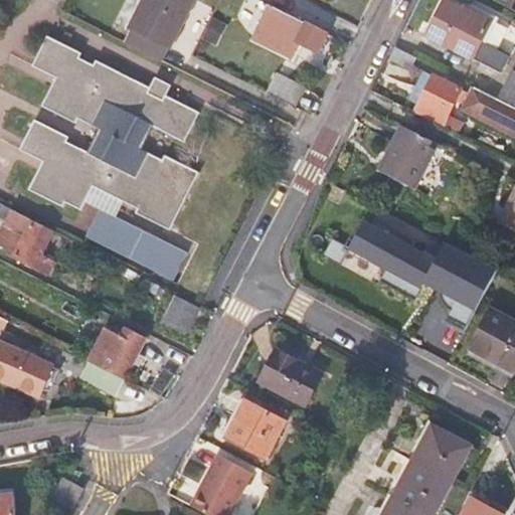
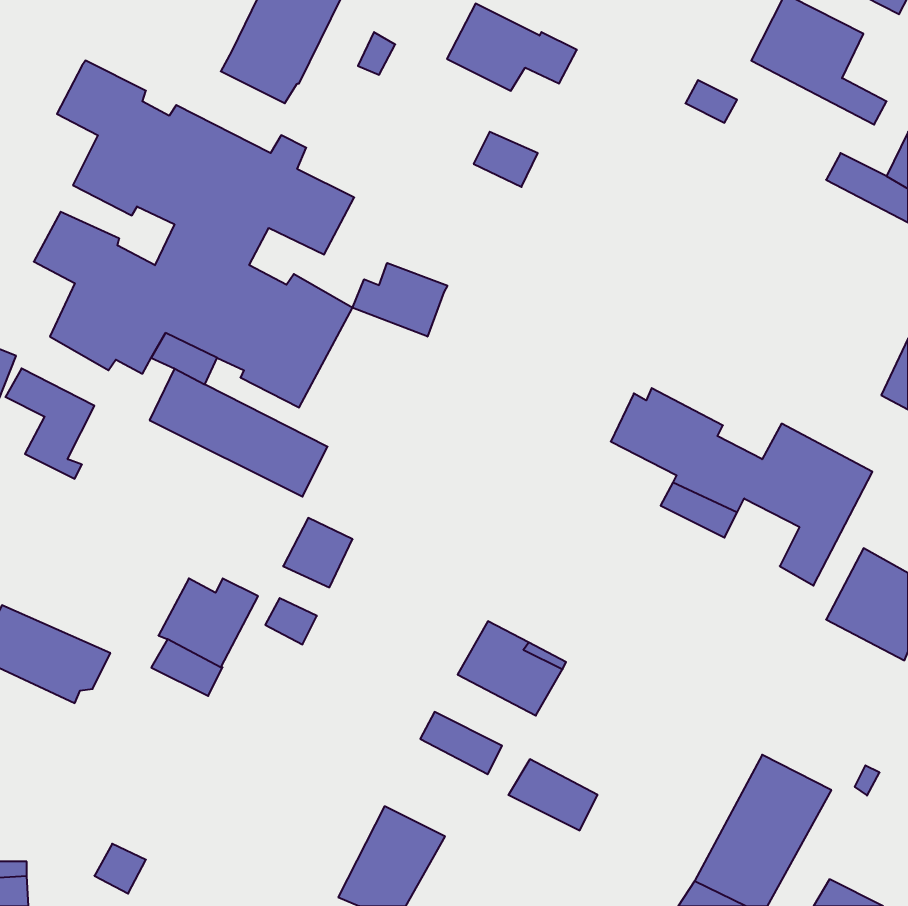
building: [408,70,460,126] -> none
building: [375,126,435,189] -> none
building: none -> [353,263,447,337]
building: [225,417,276,458] -> [508,759,598,830]

